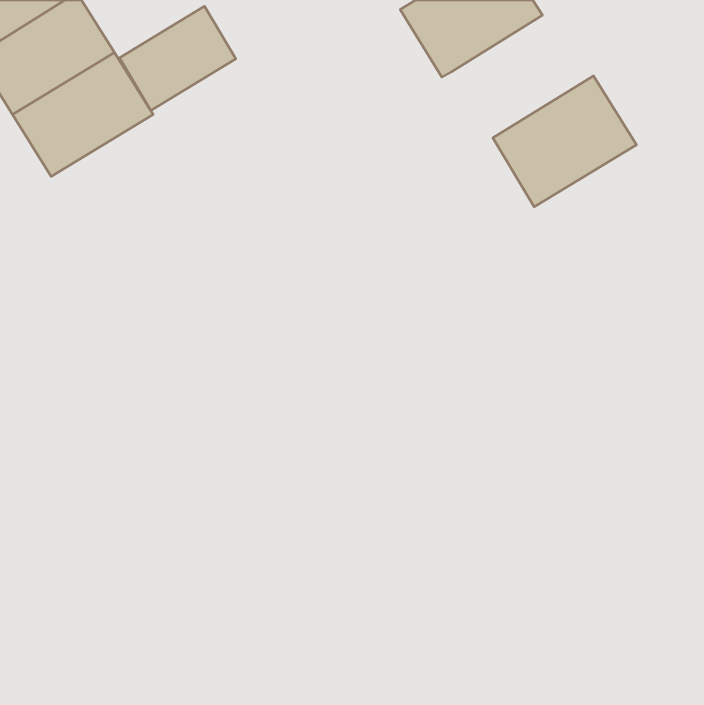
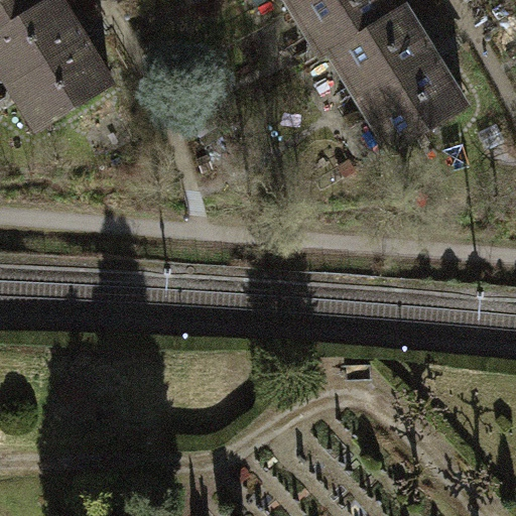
building: [119,6,236,111] -> none
building: none -> [330,7,433,101]

